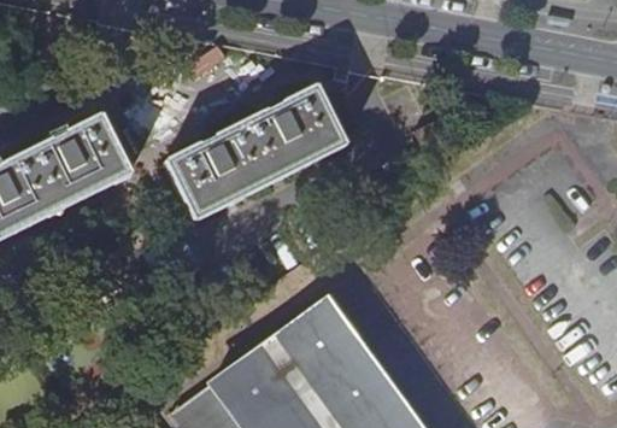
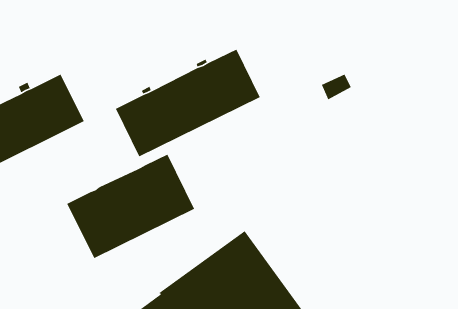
building: none -> [66,154,195,259]

